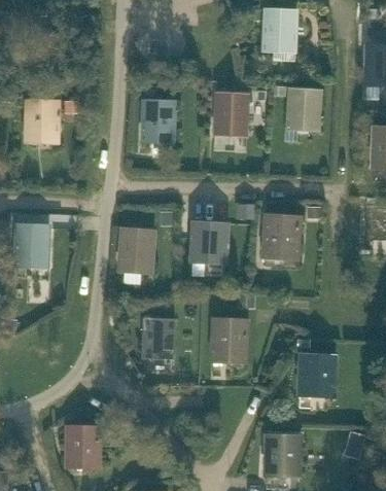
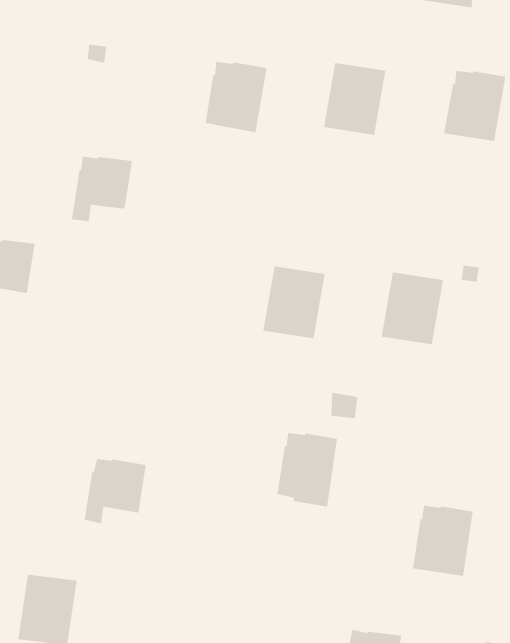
building: [26,101,59,141] -> [71,156,133,222]
building: [119,230,154,272] -> none
building: [141,318,175,358] -> [84,459,147,524]

